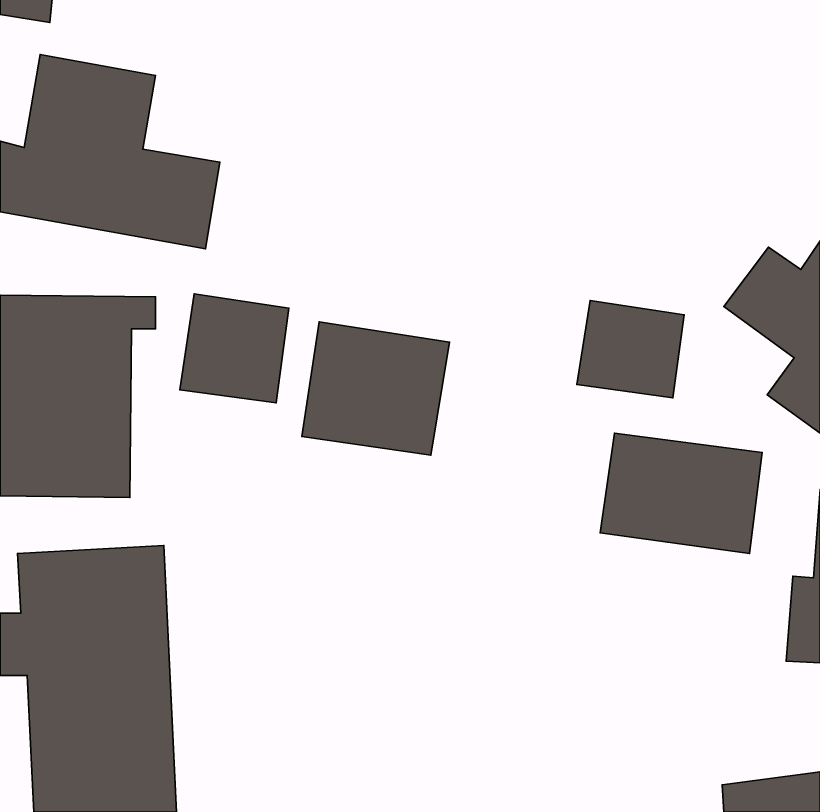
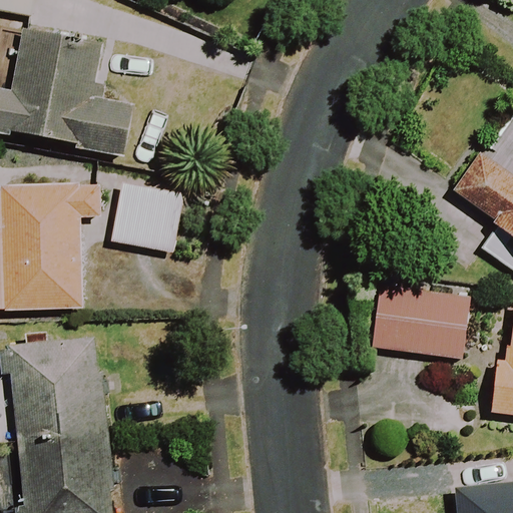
building: [577,300,684,398] -> none
building: [302,322,449,455] -> none

